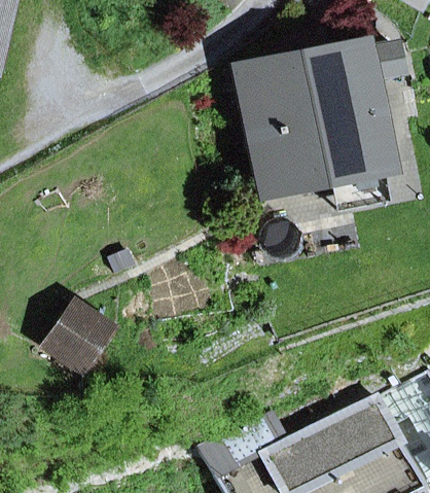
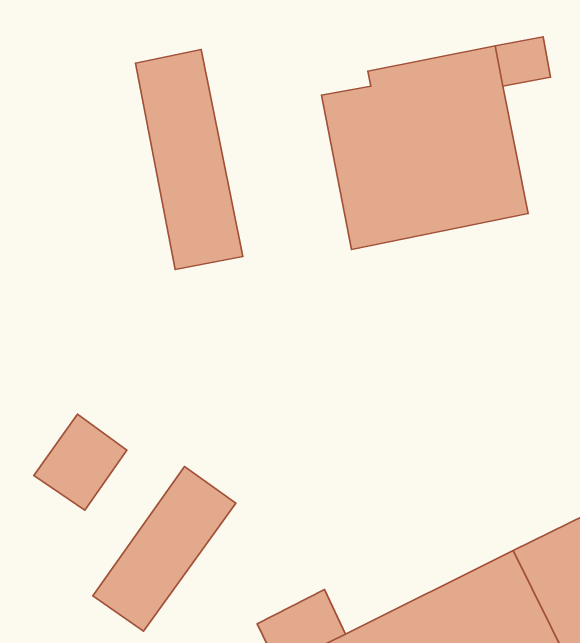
building: none -> [136,49,243,270]
building: none -> [93,466,236,631]

